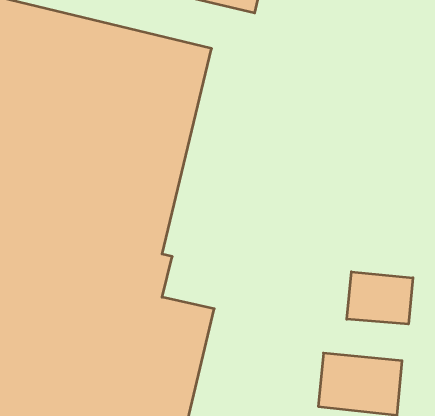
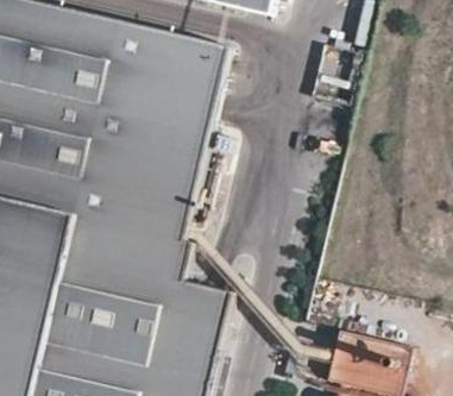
building: [347,272,413,324] -> none

